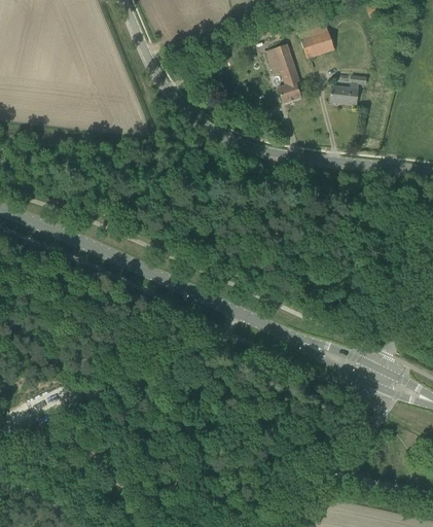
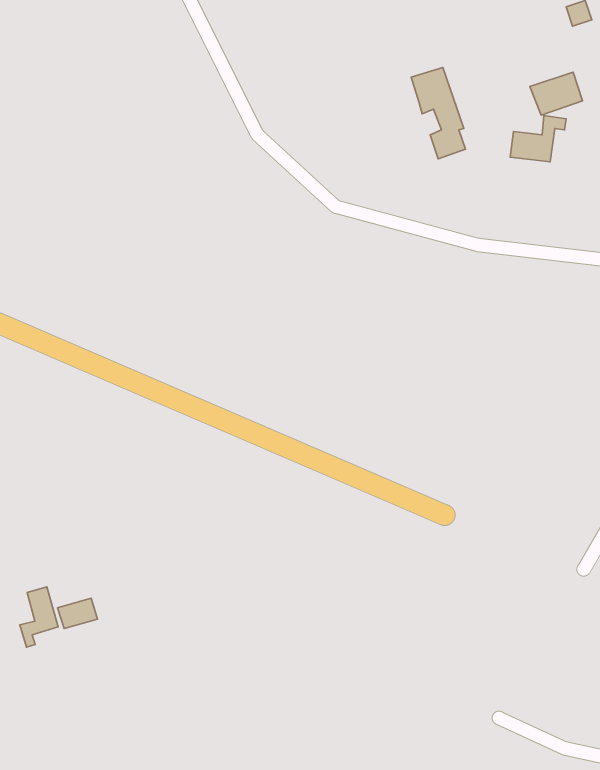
building: [299,30,333,58] -> [530,72,583,115]
building: none -> [20,587,58,647]

